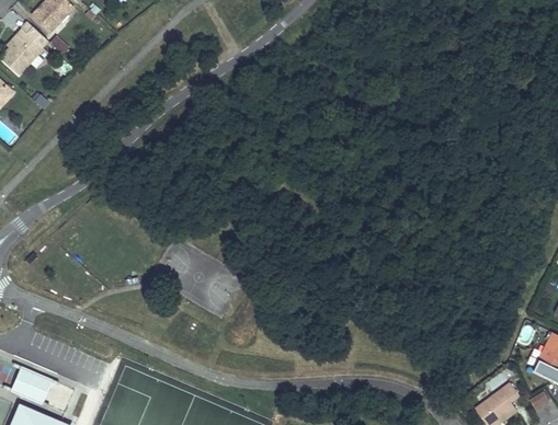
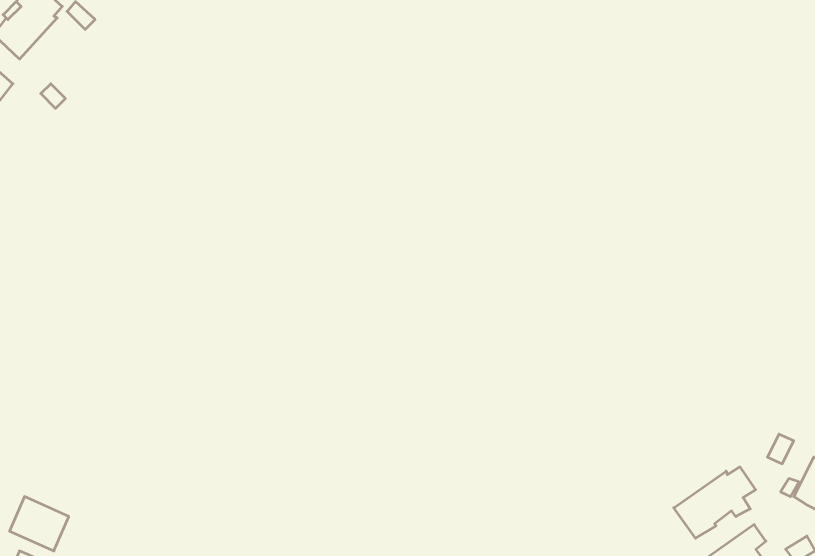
building: none -> [674,467,756,538]

